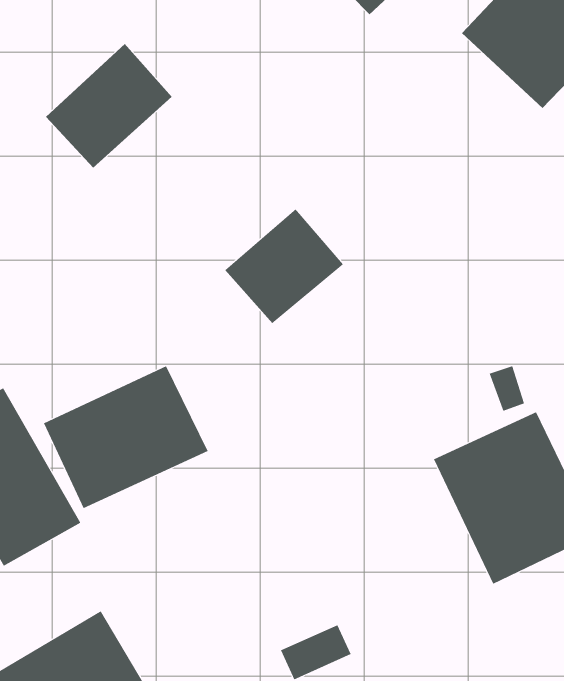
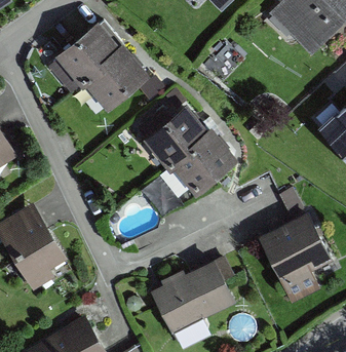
building: none -> [78,50,144,114]
building: none -> [170,136,231,196]
building: [43,366,208,509] -> [152,258,237,331]

